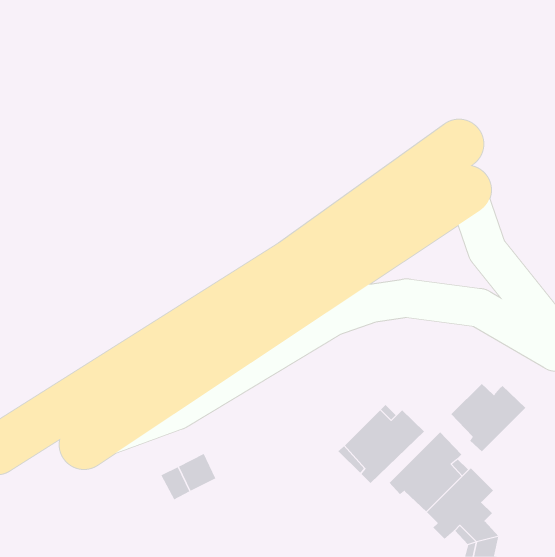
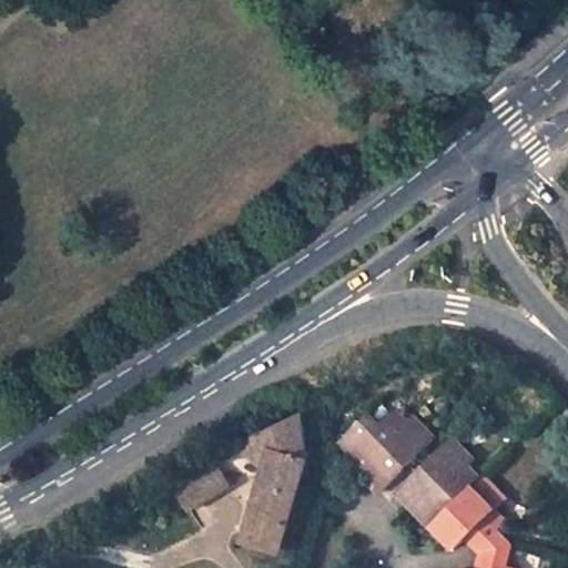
building: [451,383,526,452] -> none
building: none -> [239,414,305,549]

